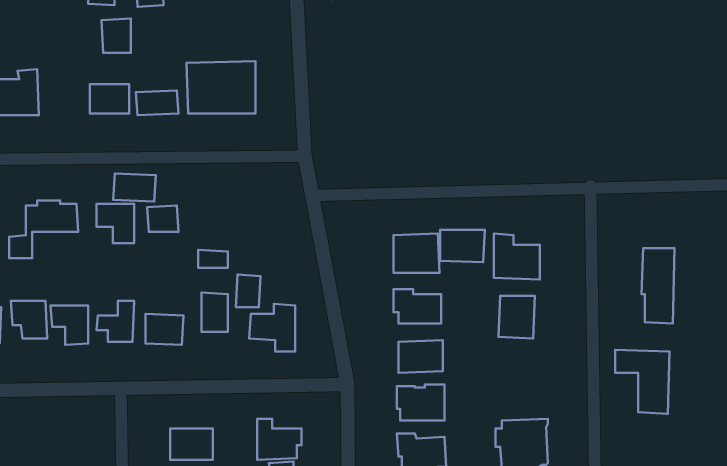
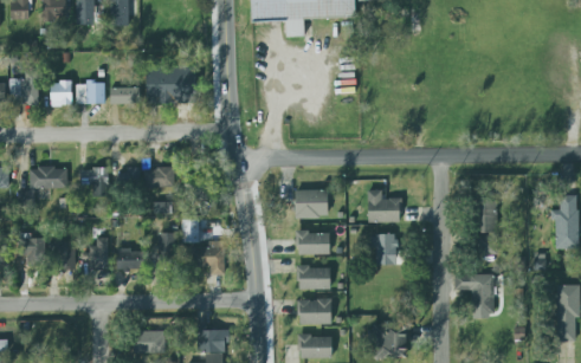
building: [101,18,131,53] -> [50,80,71,105]
building: [113,174,156,201] -> [143,167,174,187]
building: [440,230,485,262] -> none

